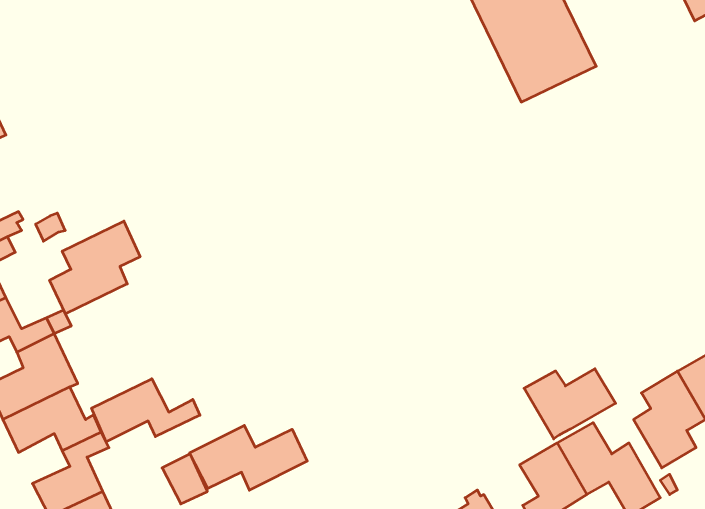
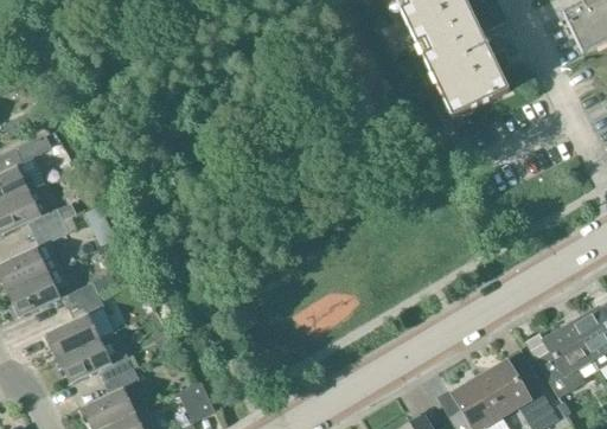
building: [50,221,140,314] -> none
building: [524,369,616,439] -> none
building: [92,379,200,442] -> none
building: [190,425,307,490] -> none

